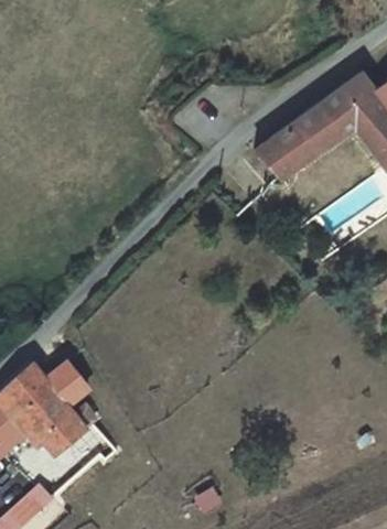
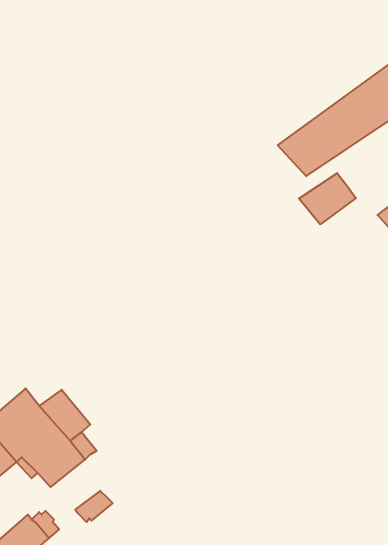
building: none -> [299,173,356,224]

